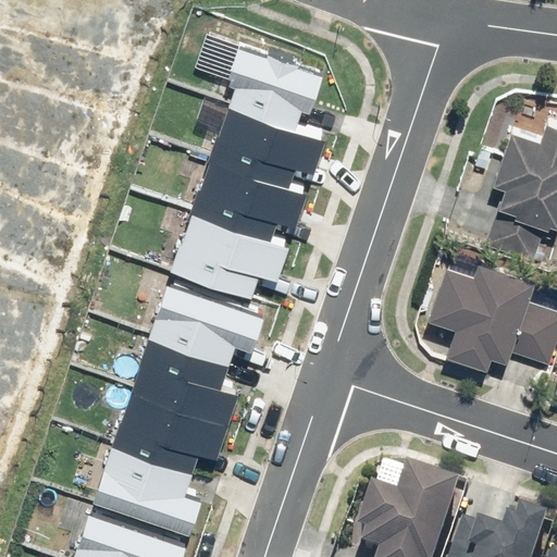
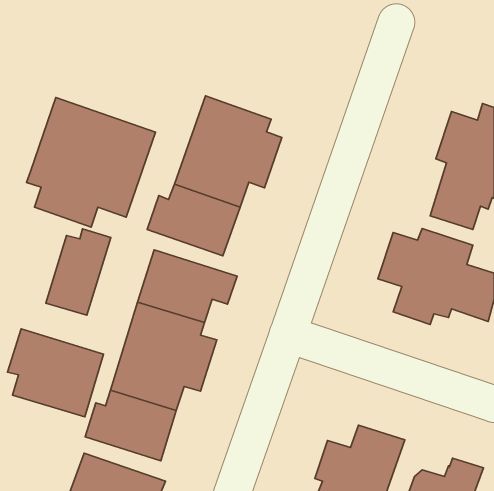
building: [226,52,323,135] -> none
building: none -> [27,98,156,227]
building: none -> [46,229,111,315]
building: none -> [7,329,103,417]

